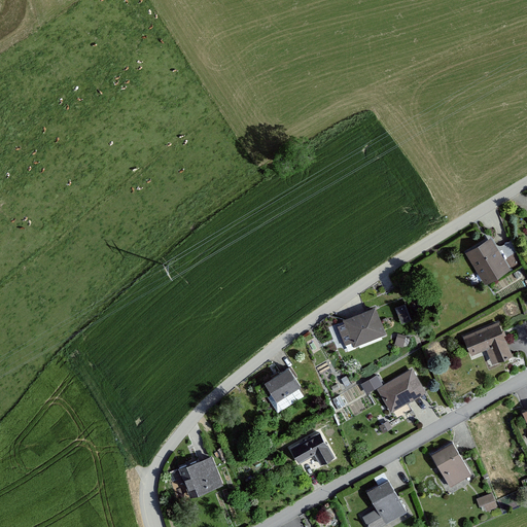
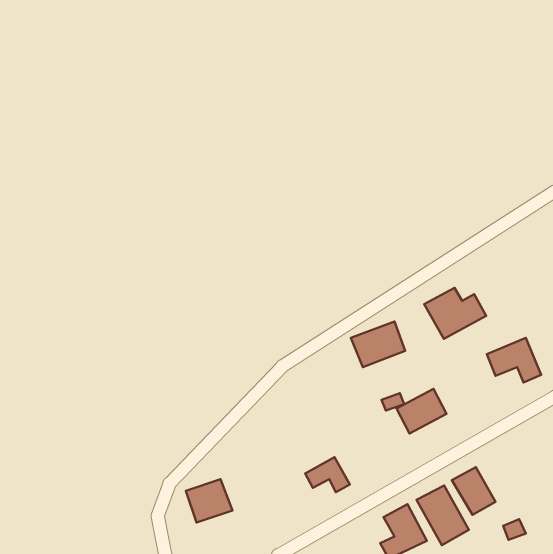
building: [462,238,521,286] -> [424,288,486,339]
building: [262,368,304,411] -> none
building: none -> [416,485,469,545]

